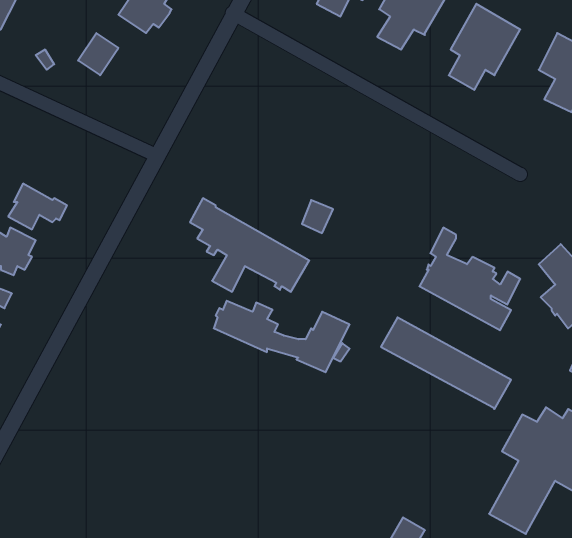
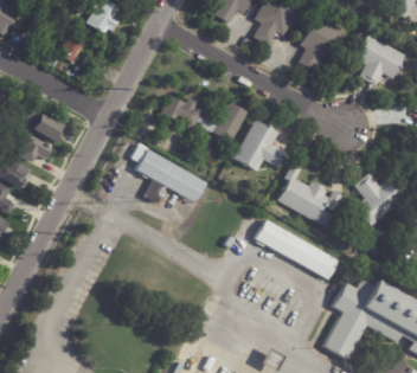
building: none -> [21,111,65,144]
building: none -> [236,118,289,171]
building: [214,301,350,372] -> [161,95,249,141]

